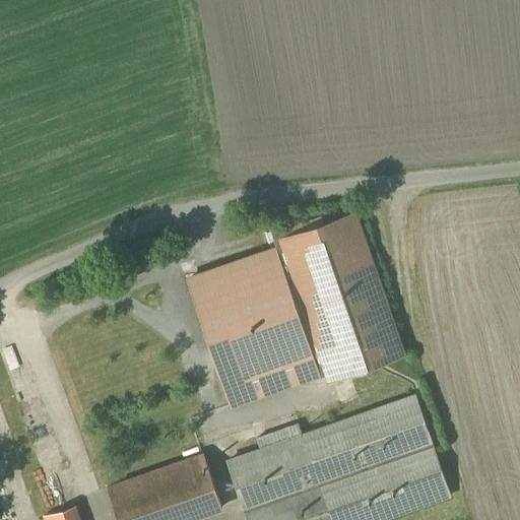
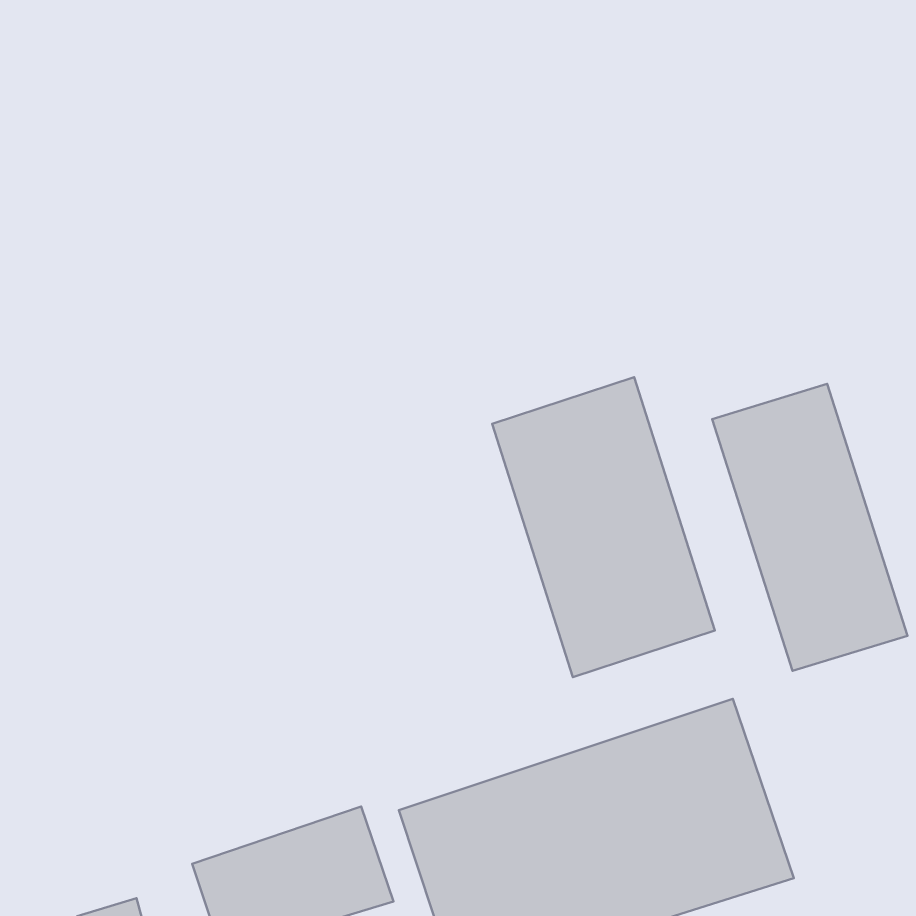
building: none -> [712,384,907,671]
building: [184,249,316,405] -> none

